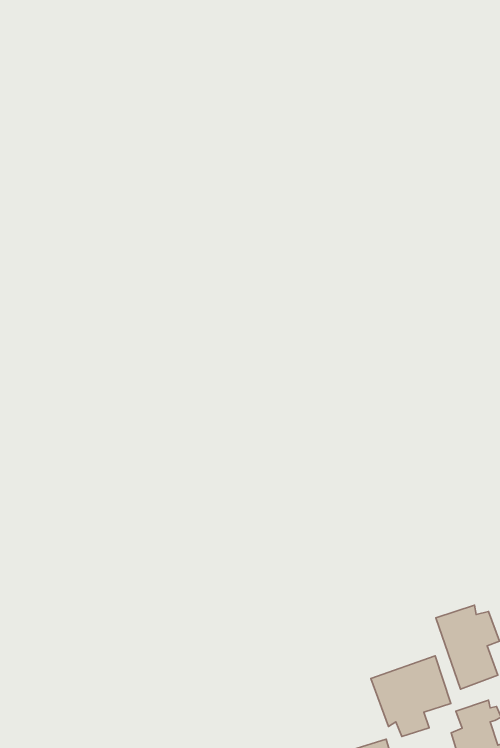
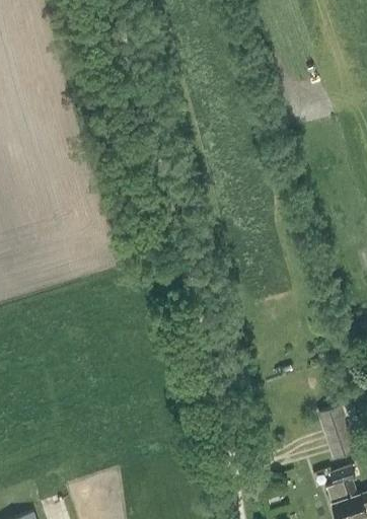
building: [371,656,451,737] -> none

